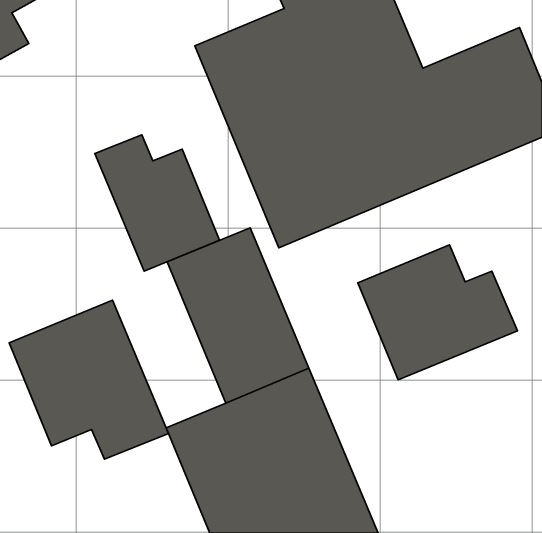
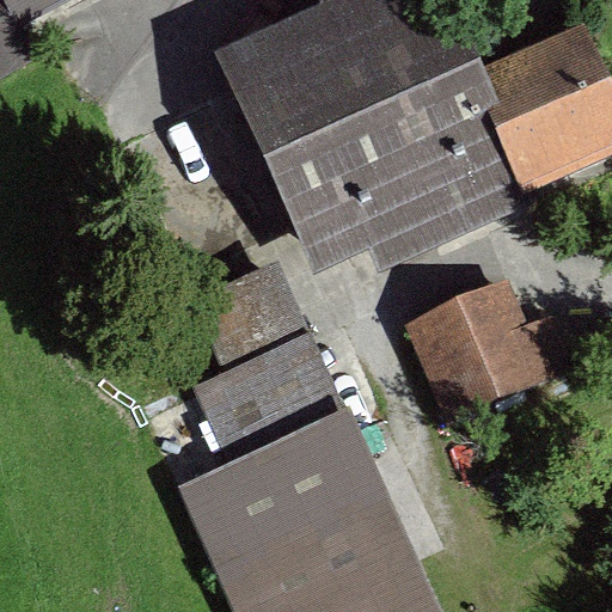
building: [95,135,220,271] -> none
building: [9,300,168,459] -> none

